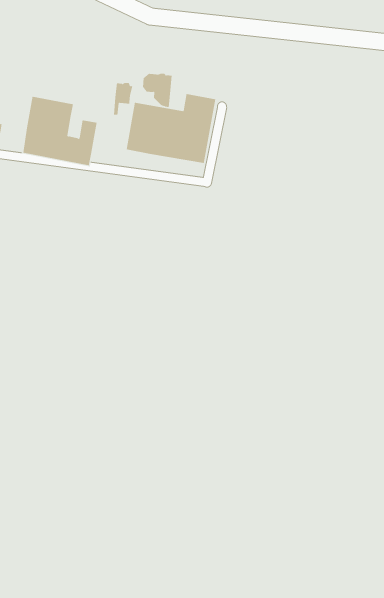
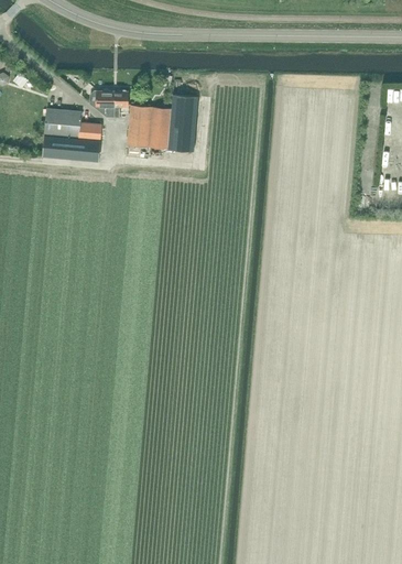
building: [142,73,173,107] -> [90,89,115,117]

